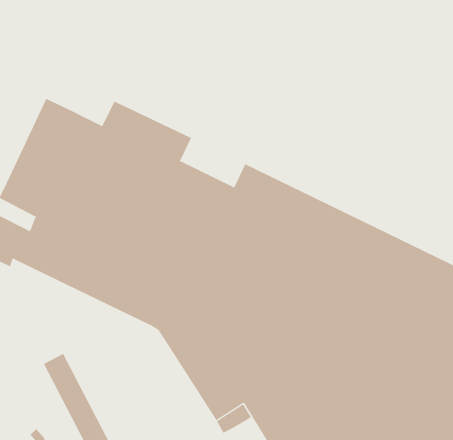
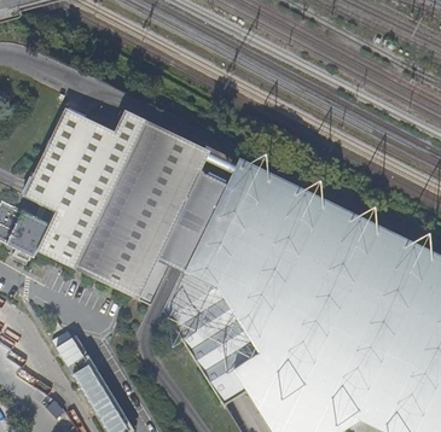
building: none -> [184,141,240,185]

